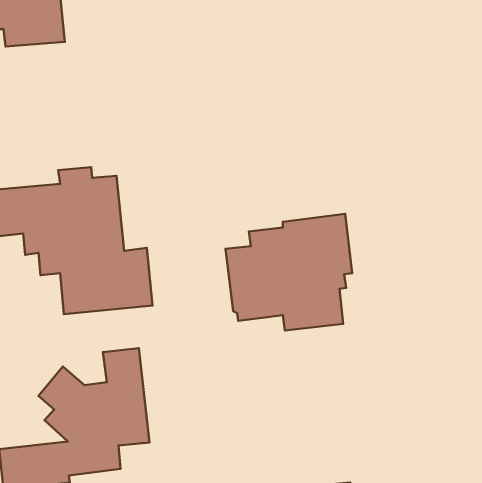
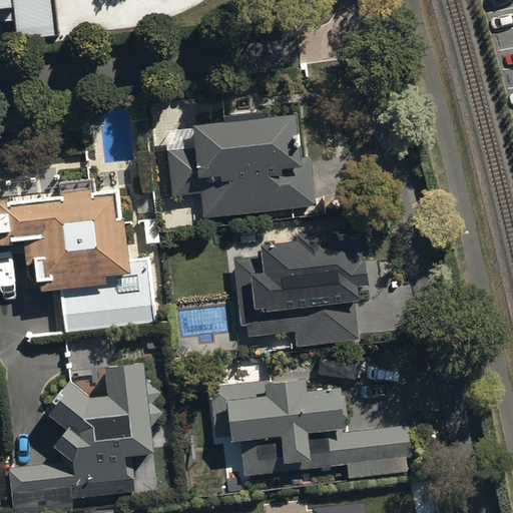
building: none -> [164,119,313,217]
building: none -> [209,383,417,483]

